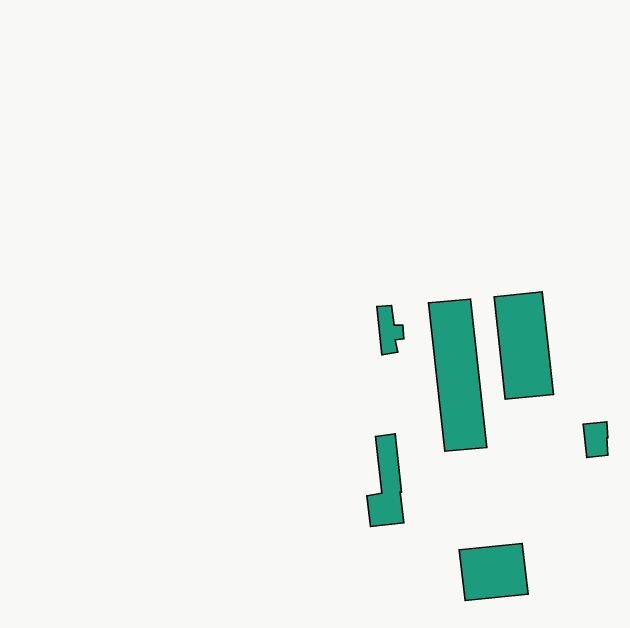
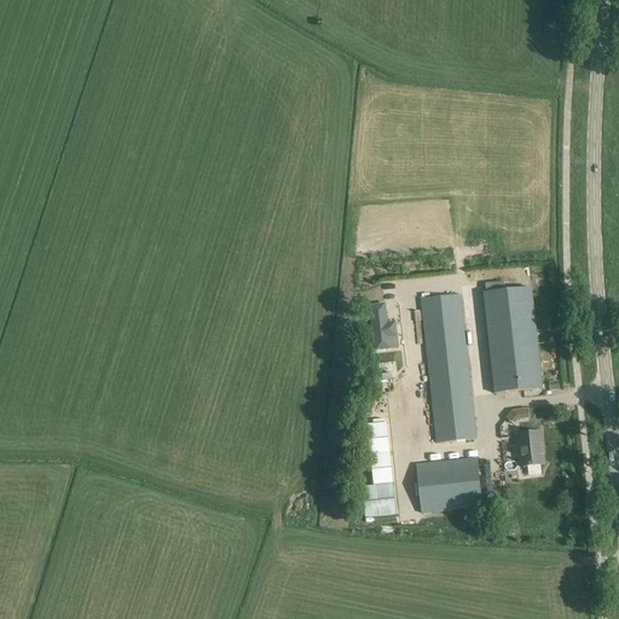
building: [583,422,608,458] -> [517,429,542,464]
building: [459,543,528,600] -> [415,456,482,511]

